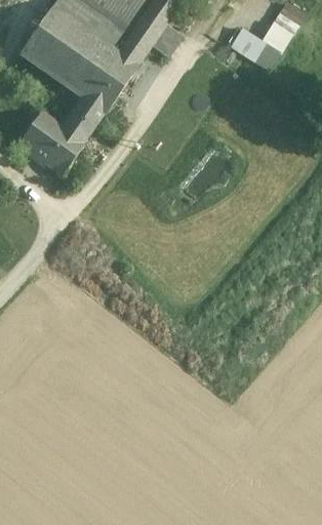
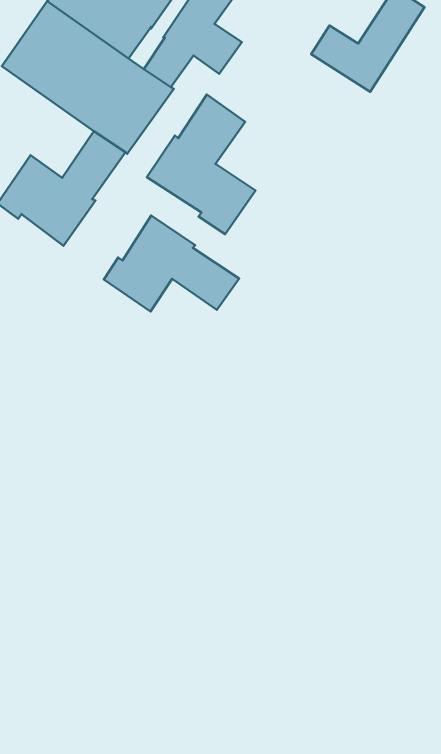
building: none -> [147,95,255,234]
building: none -> [104,215,239,312]

